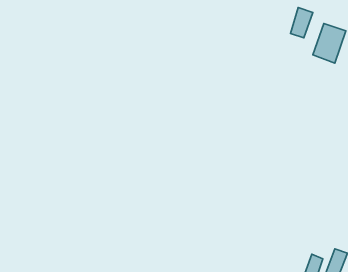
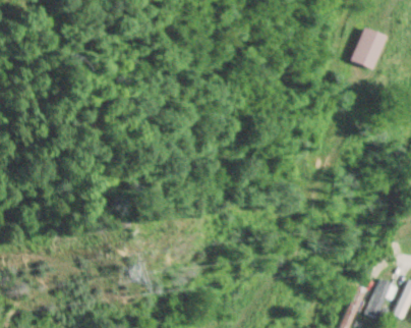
building: [290,7,313,38] -> none

